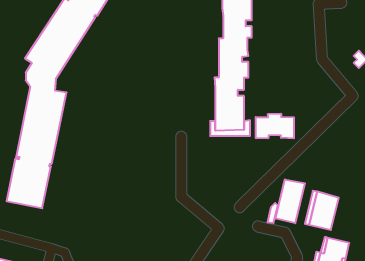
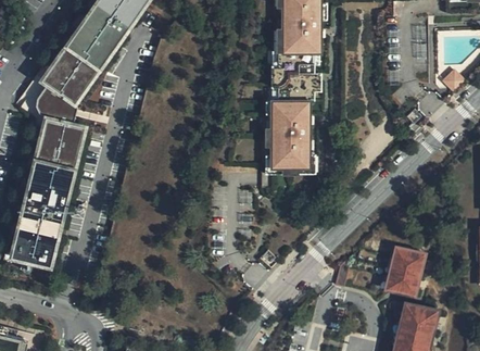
building: [256,114,294,138] -> none
building: [276,179,305,223] -> none

